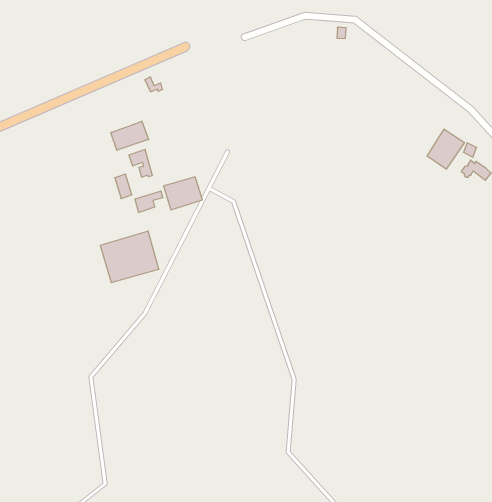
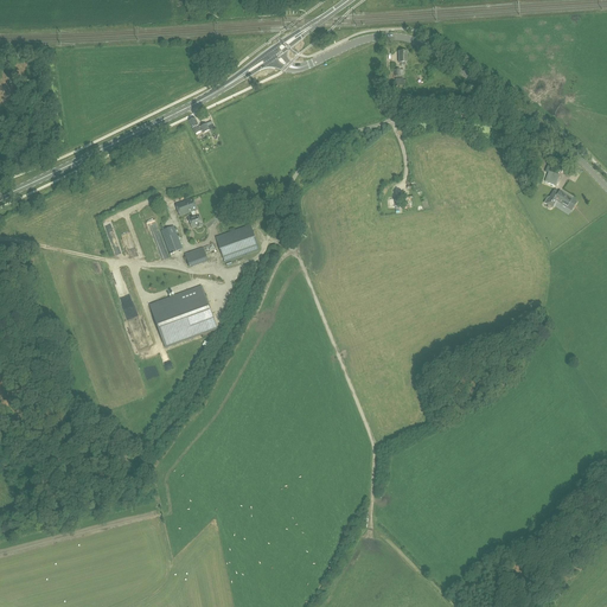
building: [111,121,149,150] -> none
building: [427,129,464,169] -> none

